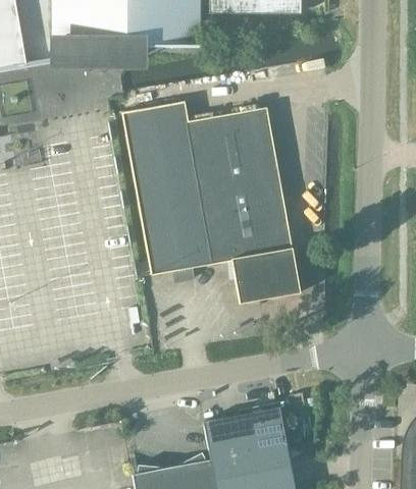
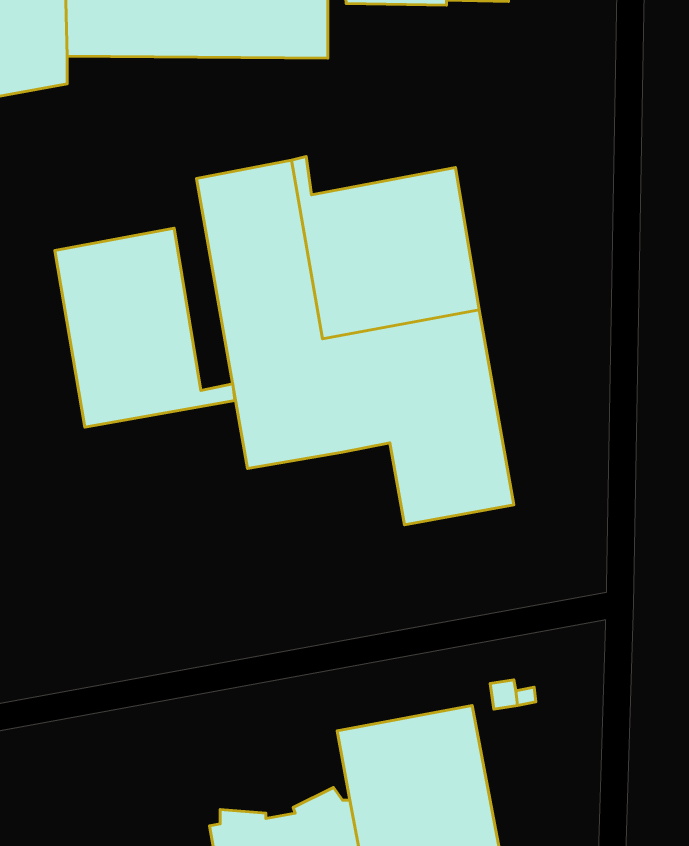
building: none -> [55,228,235,427]

